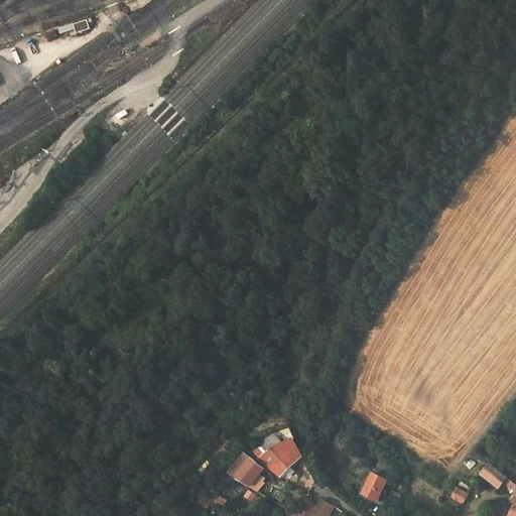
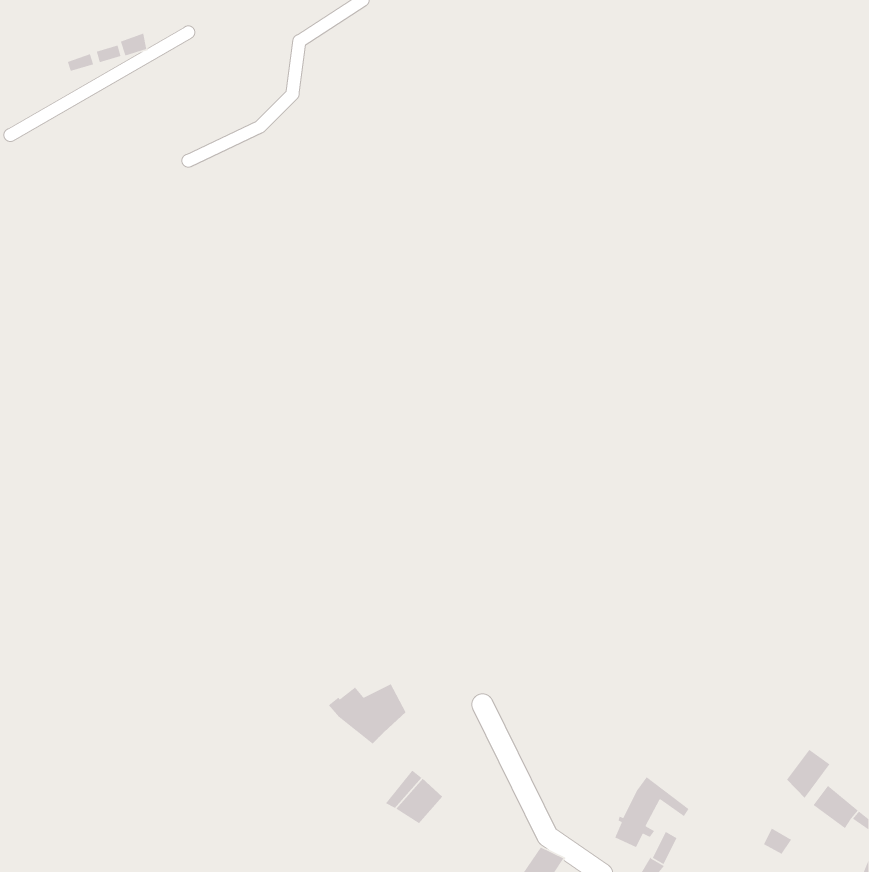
building: [253,440,299,477] -> [328,683,407,745]
building: none -> [786,749,831,799]

